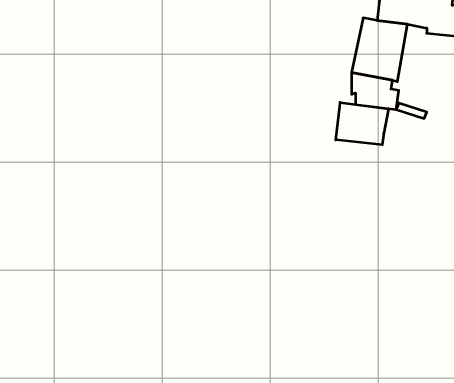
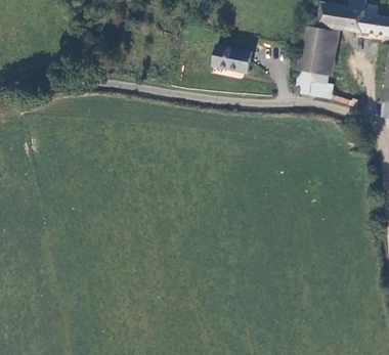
building: none -> [213,43,255,74]
building: [336,102,388,145] -> none

